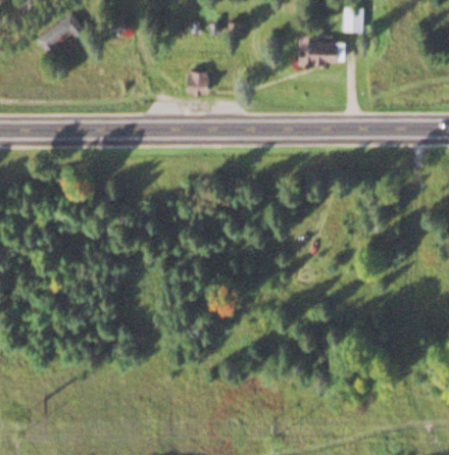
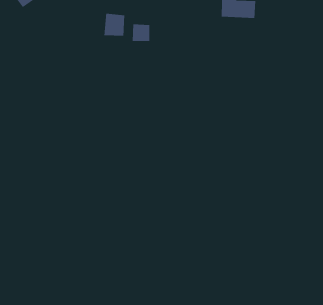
building: none -> [104,13,125,37]

